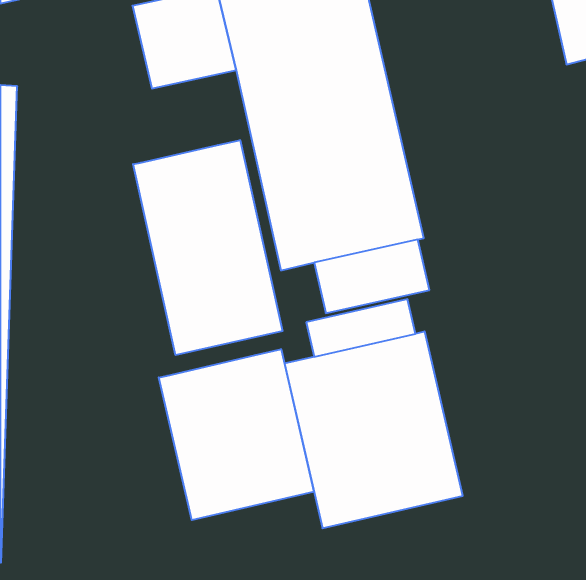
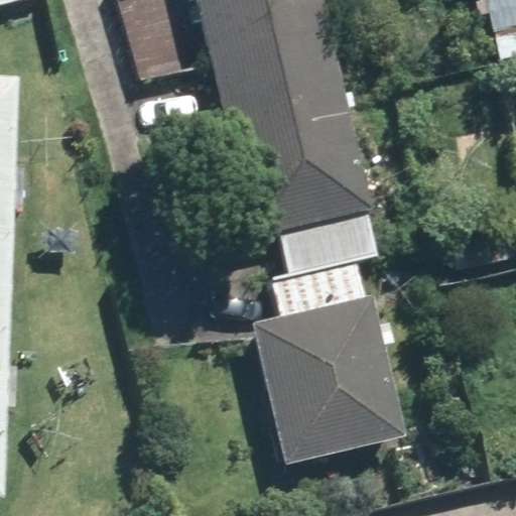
building: [133,140,283,355] -> none
building: [159,349,314,520] -> none

